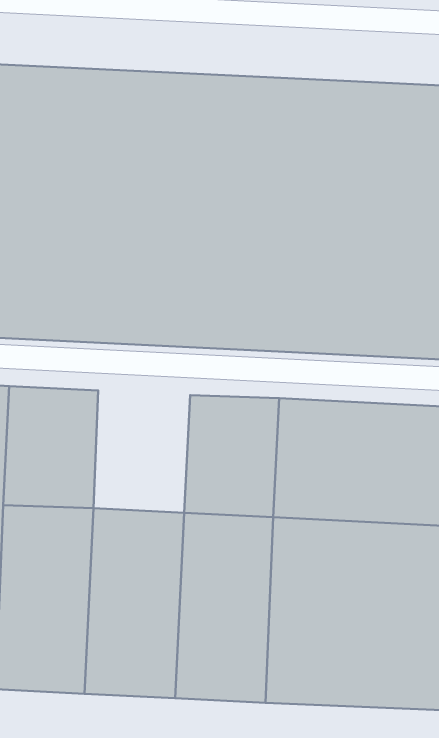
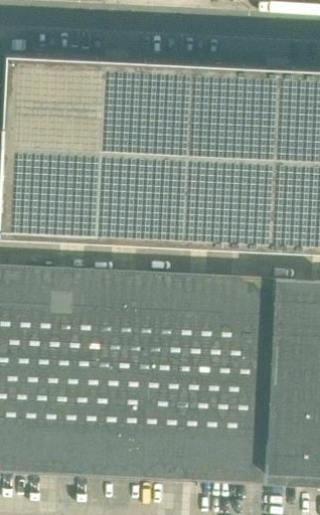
building: none -> [84,274,148,355]

